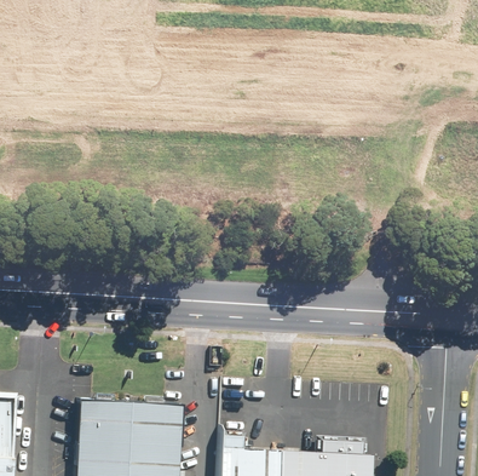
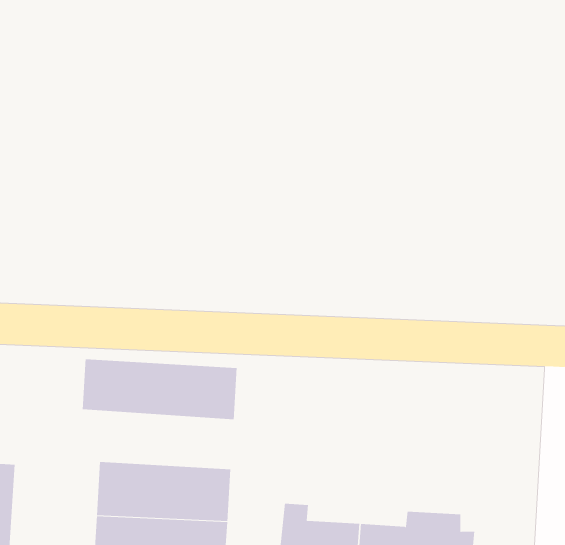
building: none -> [82,358,237,420]

